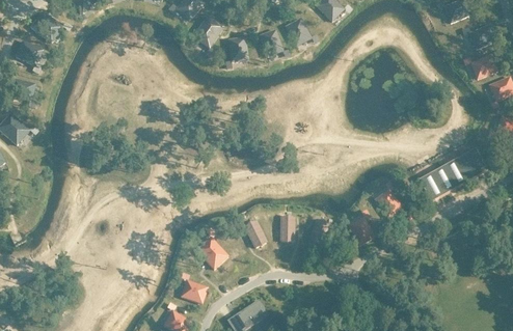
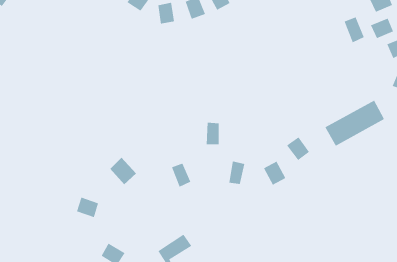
building: none -> [344,16,365,43]
building: [279,213,295,239] -> [206,122,220,145]
building: [197,236,228,268] -> [110,157,137,185]
building: [182,278,208,302] -> [76,197,99,218]

